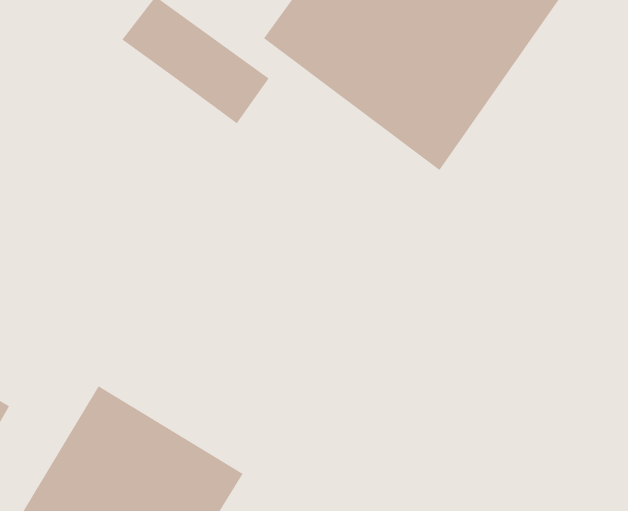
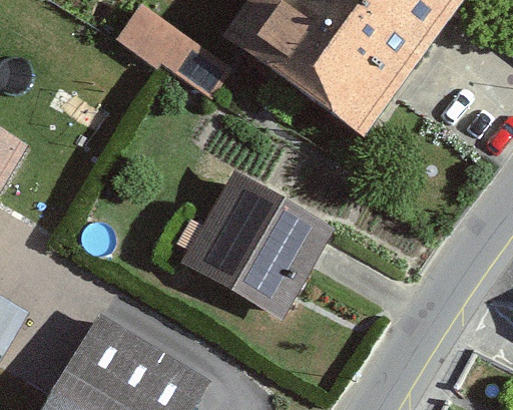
building: none -> [176,178,319,321]

